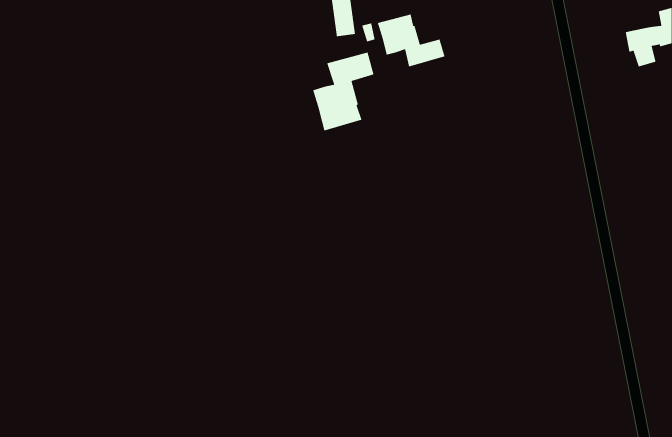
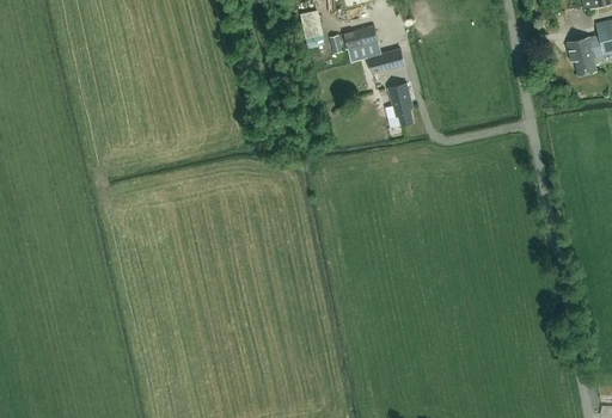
building: [312,51,375,132] -> none
building: none -> [387,84,412,124]

